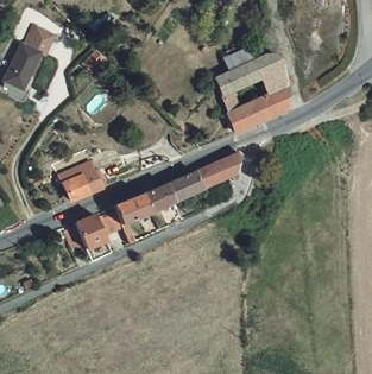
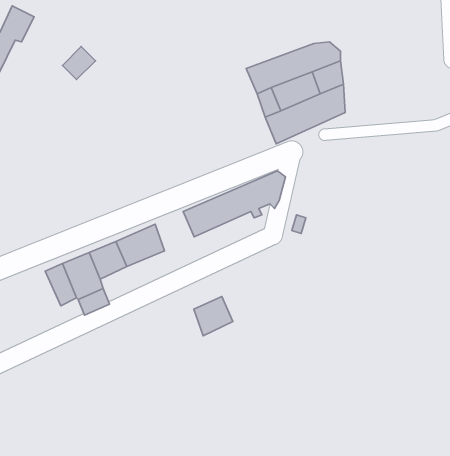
building: [61,160,108,199] -> none
building: [145,182,175,211] -> [194,296,233,336]

